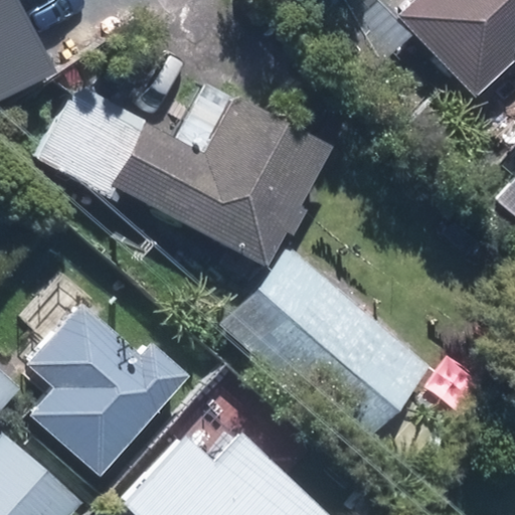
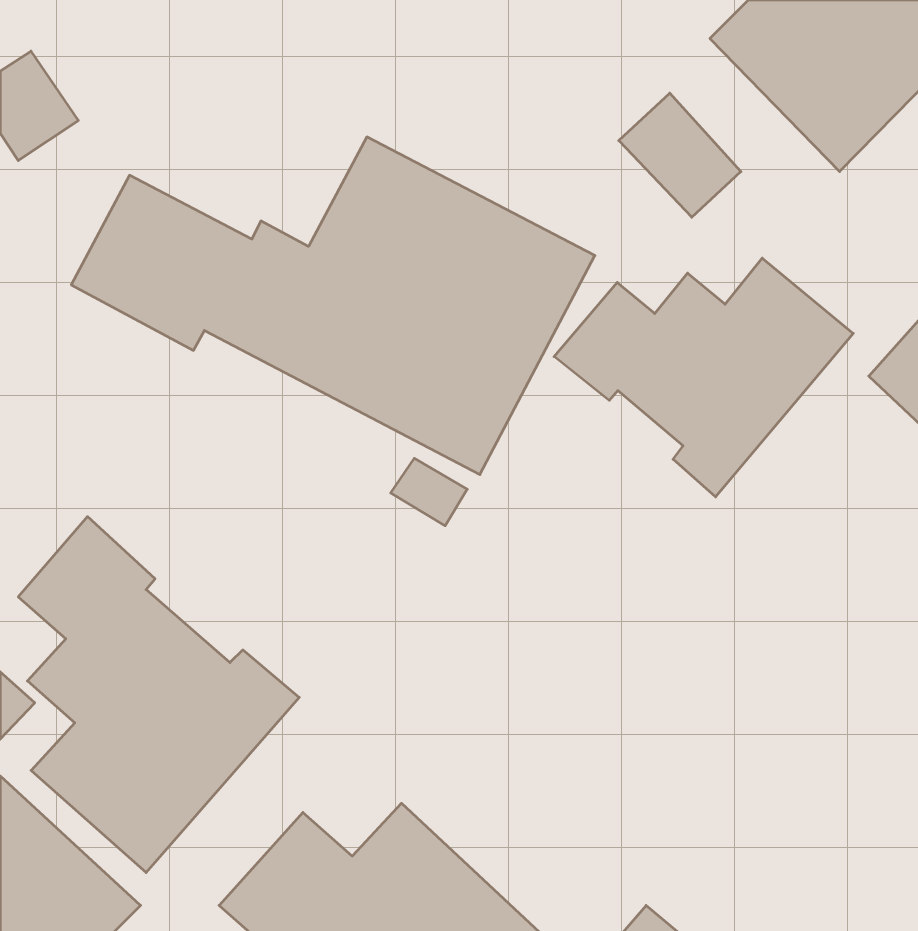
building: none -> [554,258,853,497]
building: [227,244,435,444] -> none

